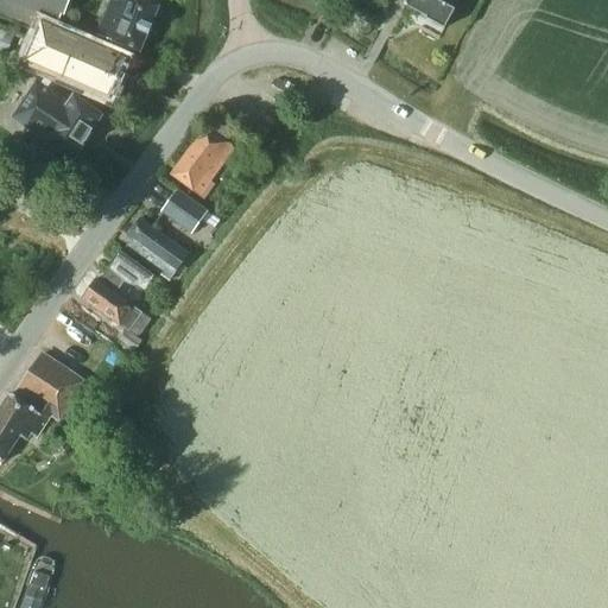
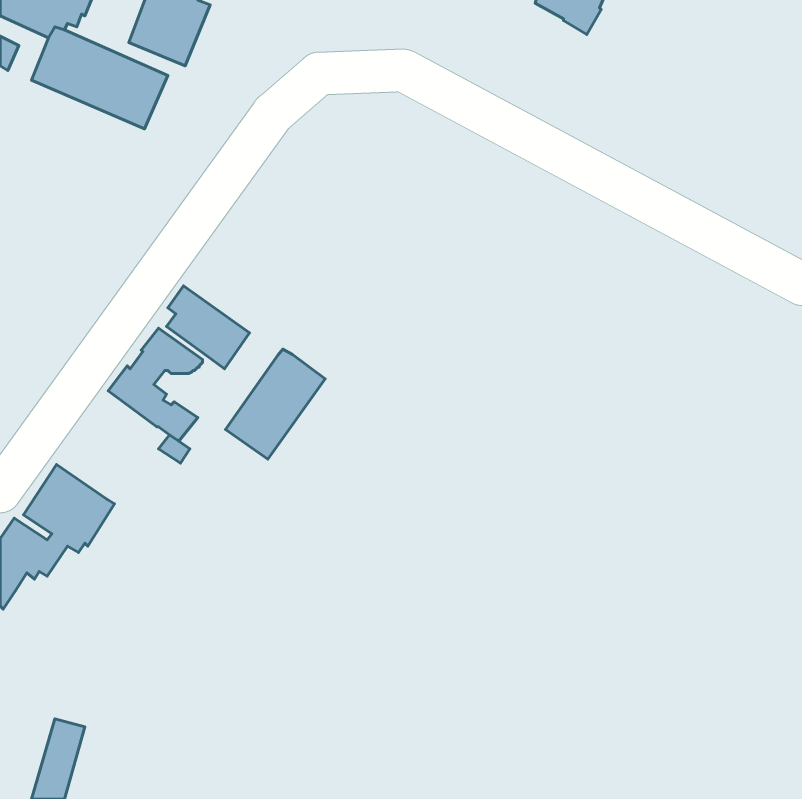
building: [6,72,102,158] -> none
building: [171,125,235,194] -> none
building: [160,188,207,232] -> none
building: none -> [225,349,325,459]

